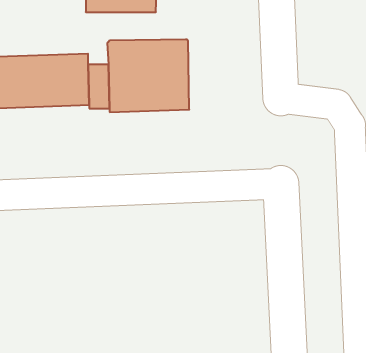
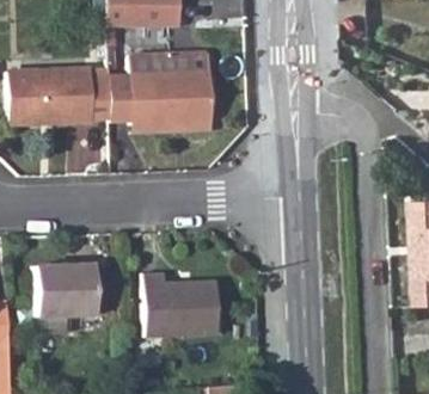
building: none -> [33,265,92,318]
building: none -> [142,276,215,337]

